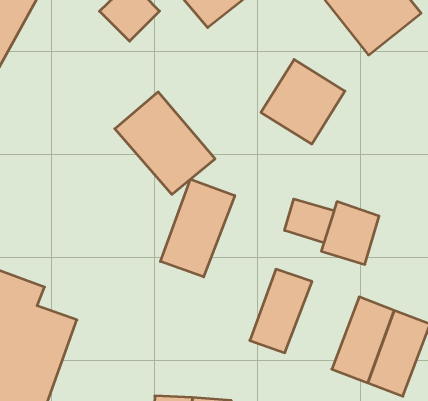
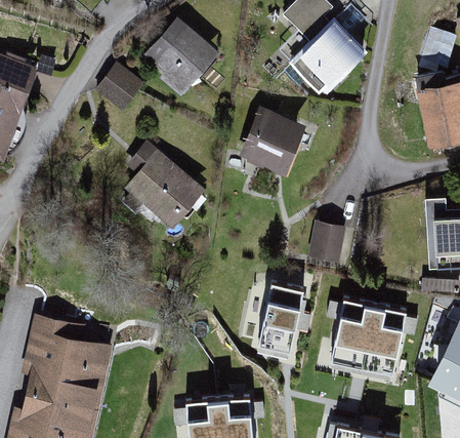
building: [160,179,235,277] -> none
building: [285,199,334,243] -> none

